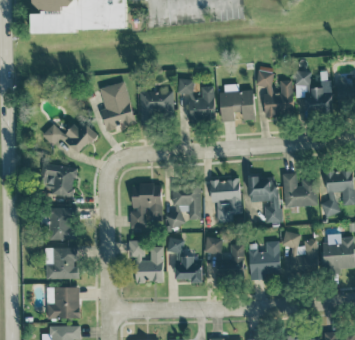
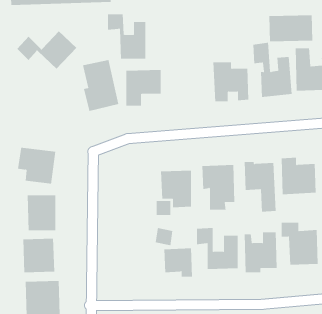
building: none -> [269,14,313,42]
building: [178,79,214,121] -> [107,14,146,59]
building: [42,118,98,154] -> [16,31,77,70]
building: [130,183,162,228] -> none
building: [132,240,163,282] -> none

